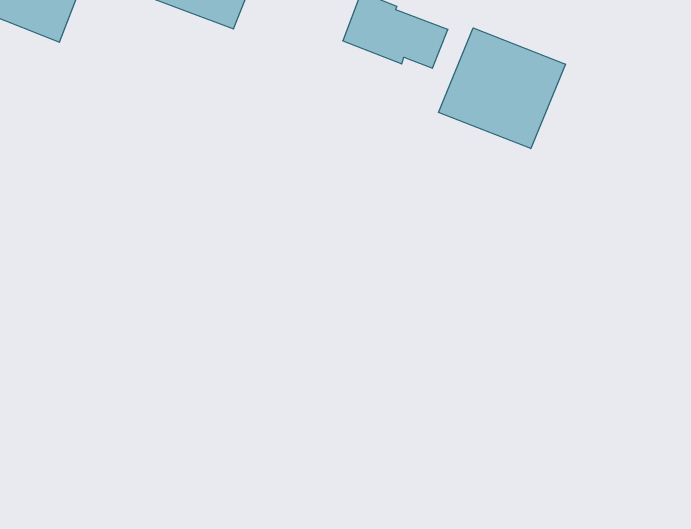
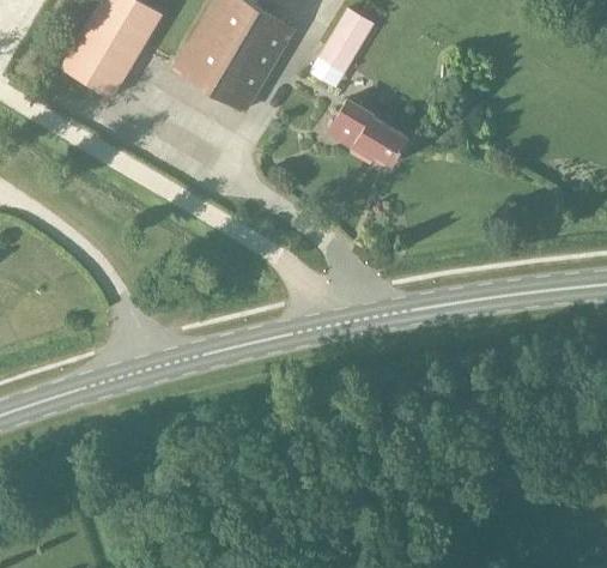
building: [439,28,565,149] -> none

